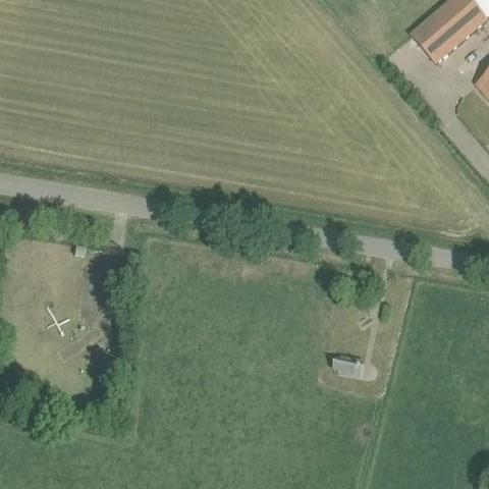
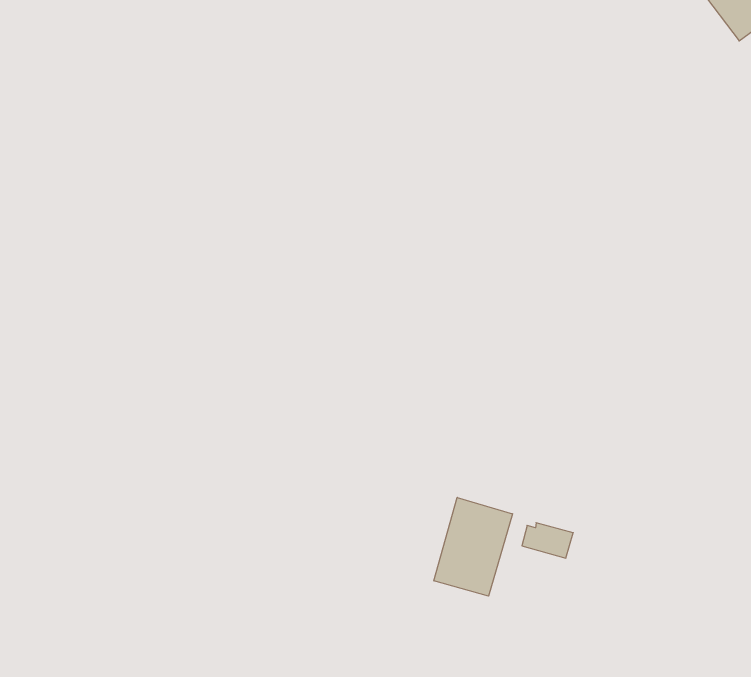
building: none -> [434,497,513,596]

